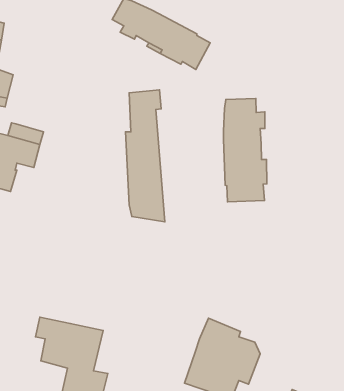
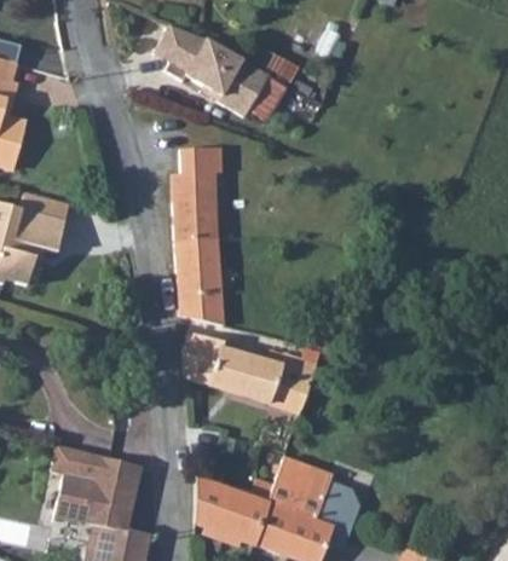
building: [224,99,267,202] -> none
building: none -> [185,328,322,413]
building: none -> [194,478,275,544]

